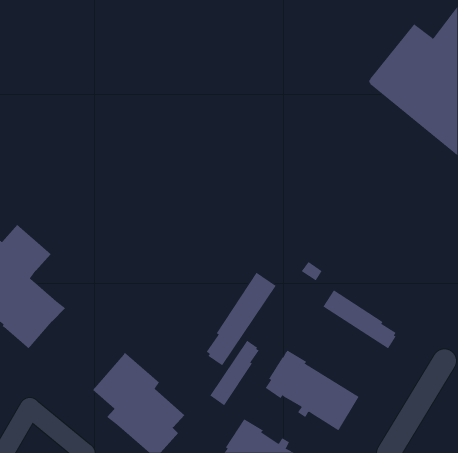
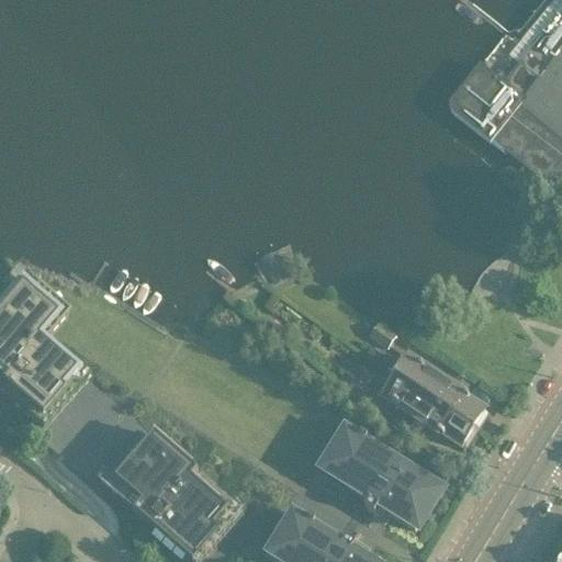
building: [206,272,276,366] -> none
building: none -> [380,372,472,440]
building: [210,340,259,406] -> none

